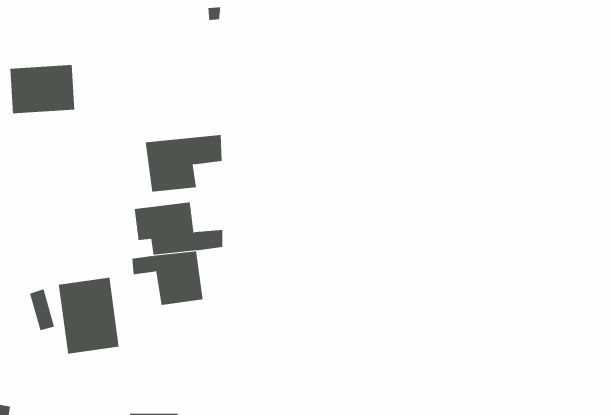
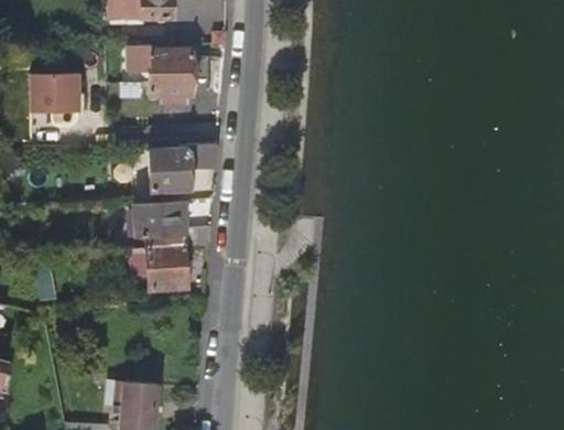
building: none -> [150,53,189,97]
building: [58,277,119,355] -> none

